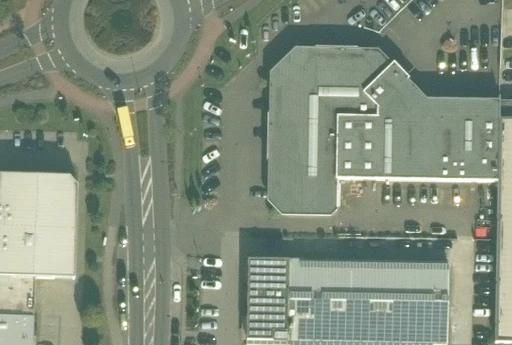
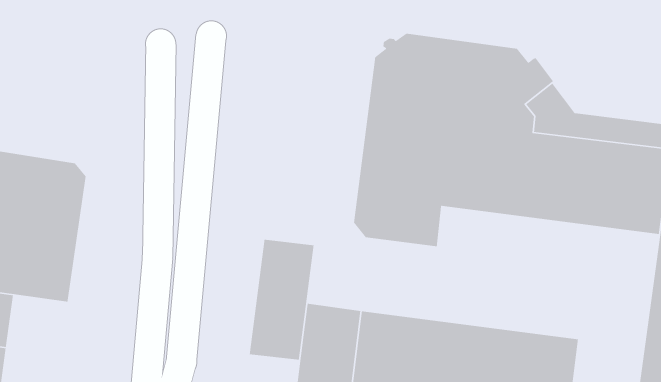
building: [267,46,392,215] -> none
building: none -> [249,239,314,360]

